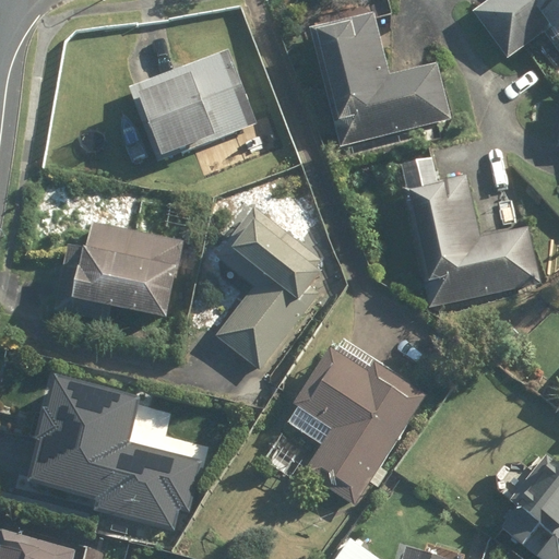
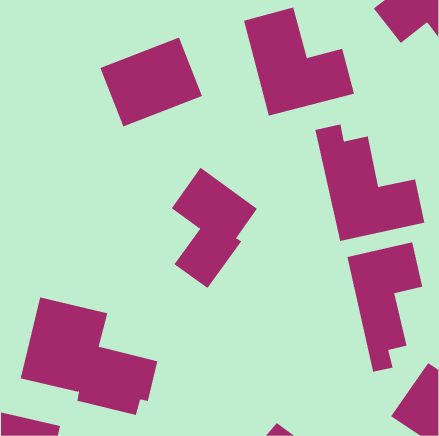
building: [53,219,185,322] -> none
building: none -> [347,242,423,373]
building: [282,349,427,503] -> none

